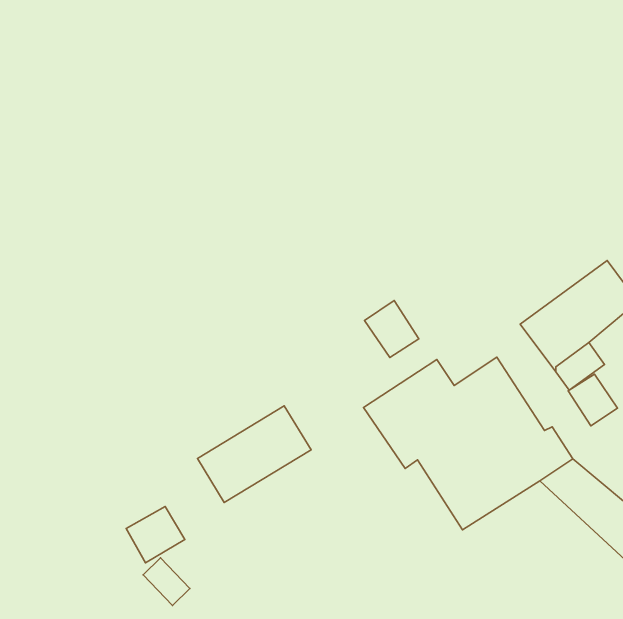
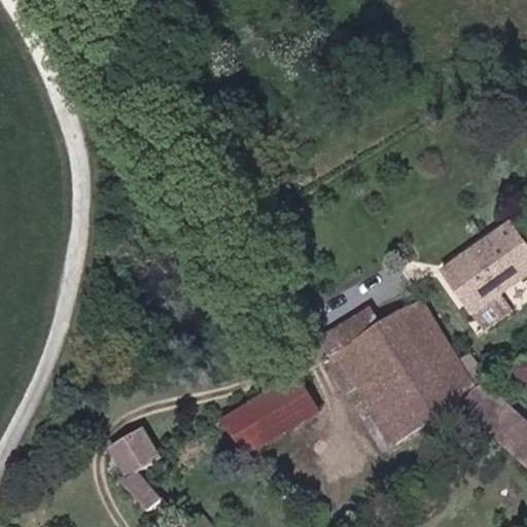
building: [365,301,419,357] -> none
building: [568,374,617,426] -> none
building: [197,406,311,502] -> [221,375,317,456]

